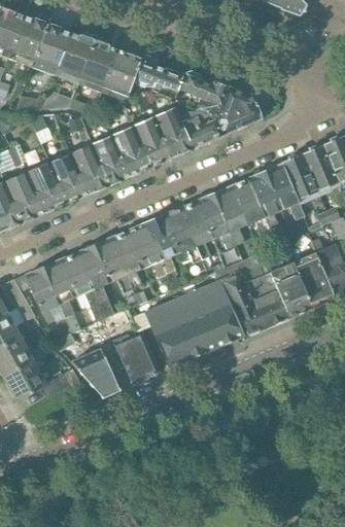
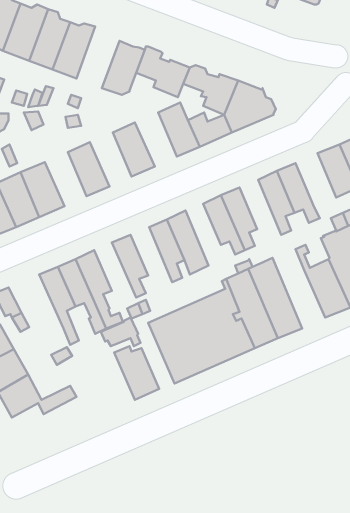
building: [77,35,117,93] -> none
building: [132,115,171,166] -> none
building: [90,134,129,184] -> none
building: [47,152,87,203] -> none
building: [282,153,320,204] -> none
building: [230,178,269,233] -> none
building: [179,201,212,258] -> none
building: [128,222,167,277] -> none
building: [94,237,133,292] -> none
building: [261,248,310,317] -> none
building: [26,267,65,324] -> none
building: [69,348,118,397] -> none

